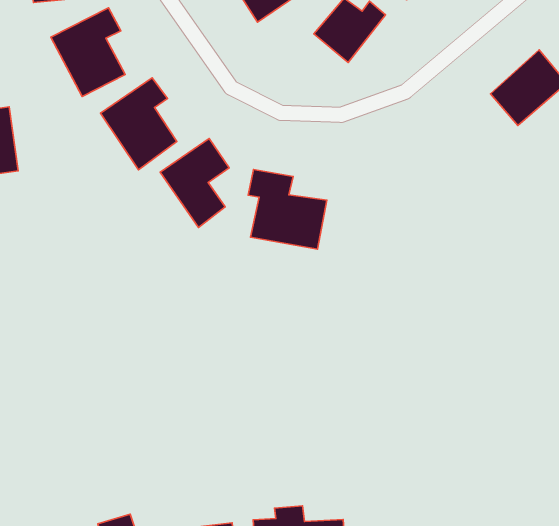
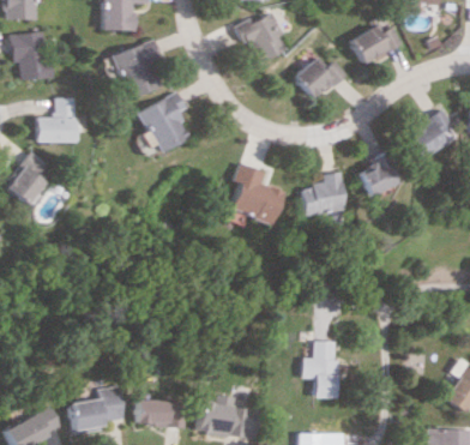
building: none -> [356,156,397,197]
building: [160,138,229,228] -> none
building: none -> [300,173,344,216]
building: none -> [301,342,338,398]

